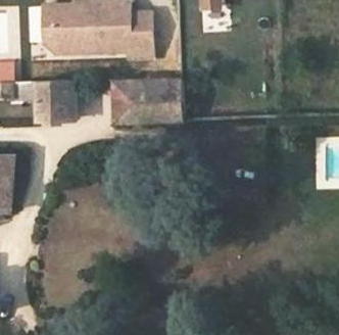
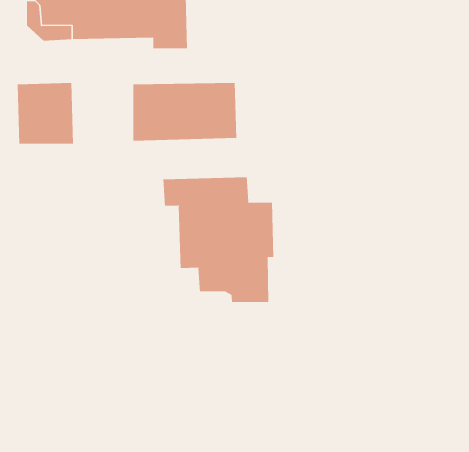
building: none -> [163,177,274,303]

